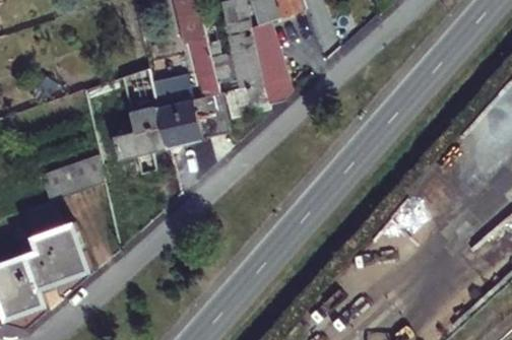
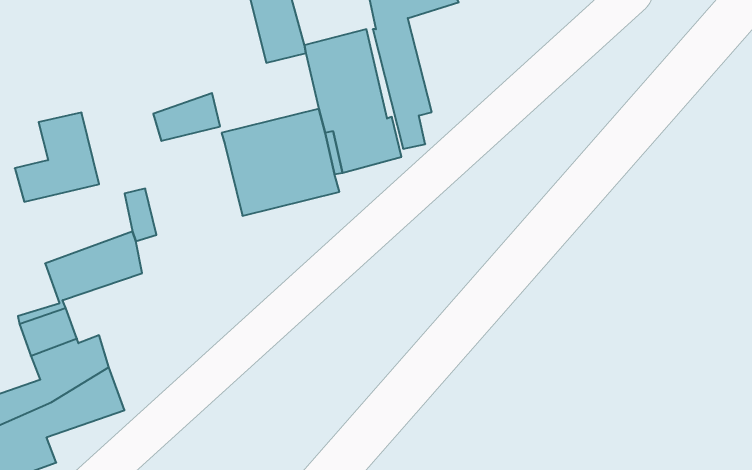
building: [113,98,167,155] -> [15,113,99,202]

